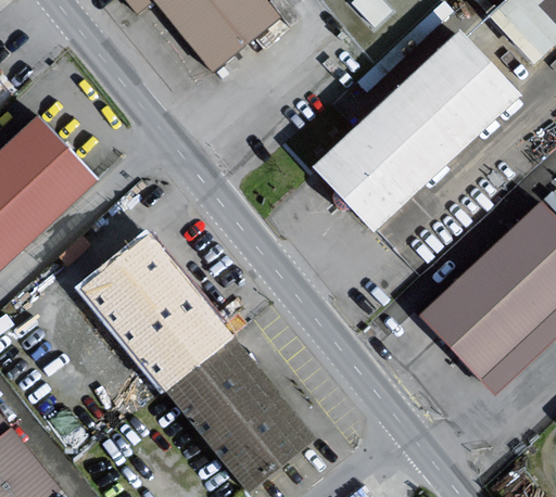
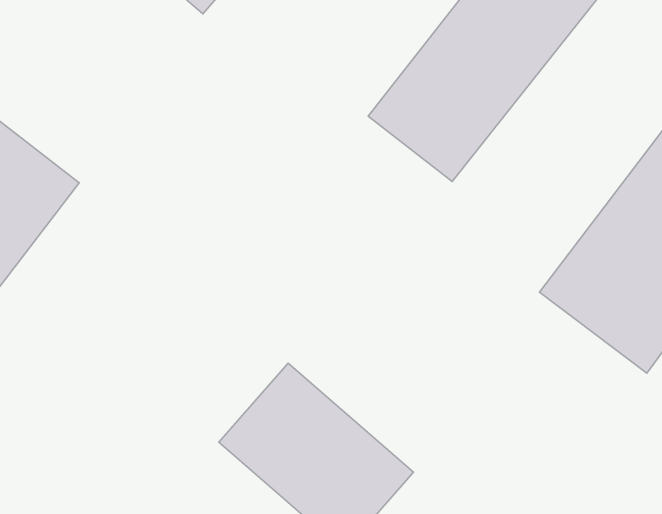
building: [92,242,231,387] -> none

